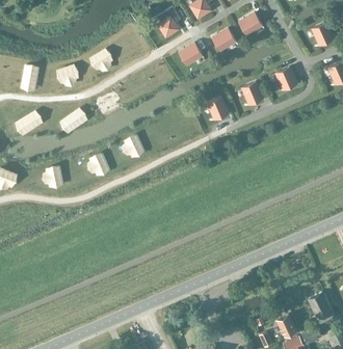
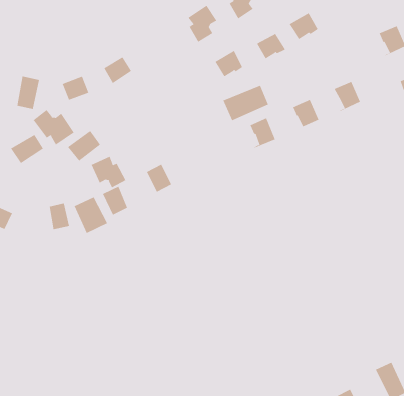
building: none -> [223,85,268,121]
building: none -> [33,109,75,145]
building: none -> [91,156,126,188]
building: none -> [74,197,108,234]

